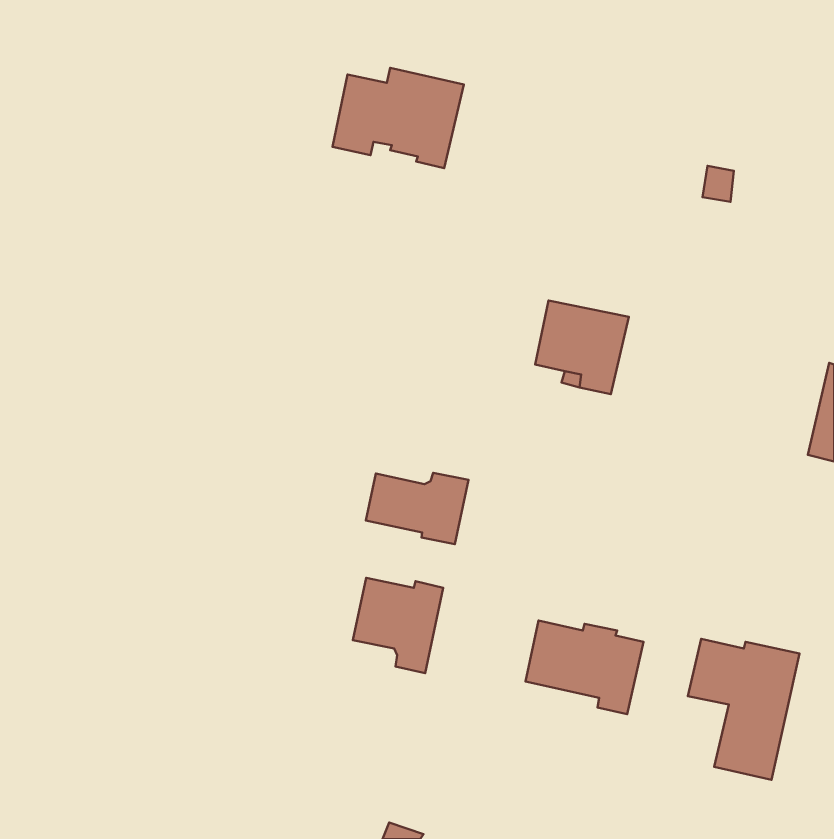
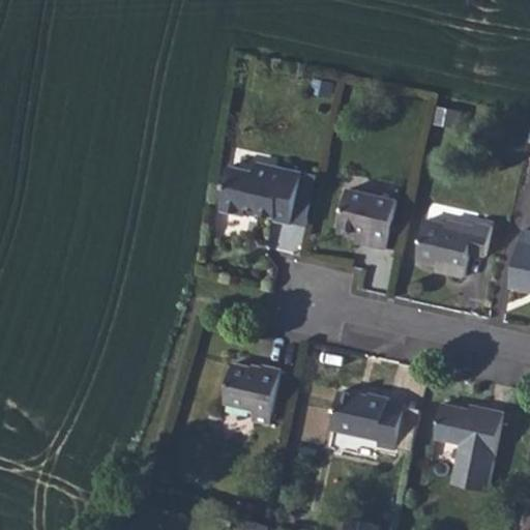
building: [333,68,464,168] -> [219,161,302,225]
building: none -> [416,219,492,276]
building: [366,473,469,544] -> none

